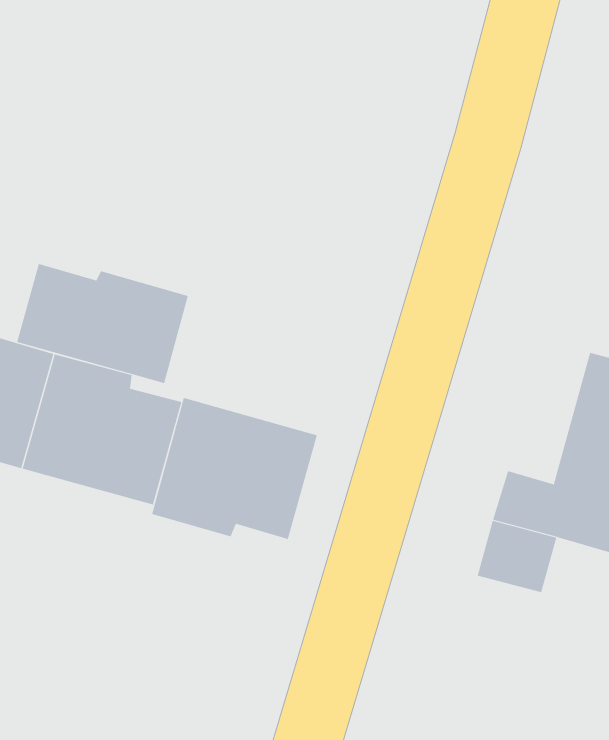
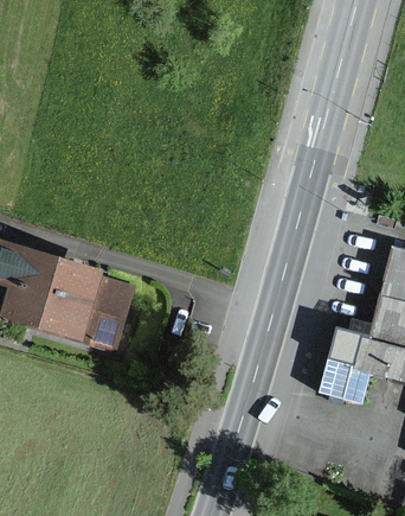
building: [17,263,188,384] -> none
building: [152,397,317,540] -> none

